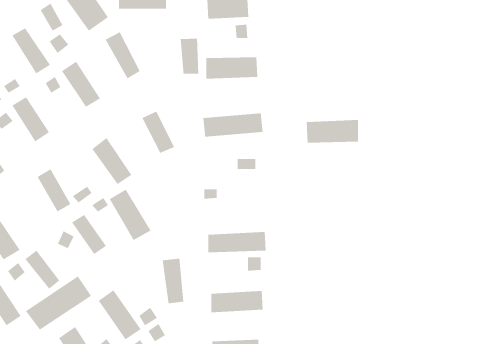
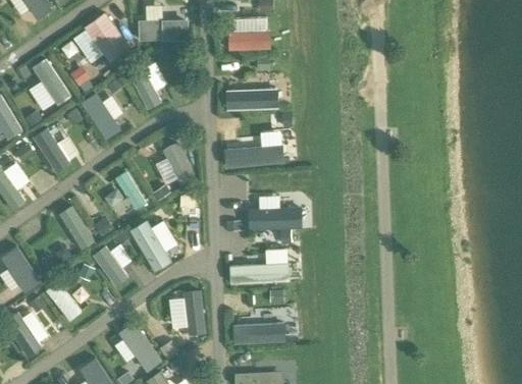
building: [180,38,199,75] -> none
building: [306,120,359,143] -> [247,207,300,230]
building: [25,276,92,331] -> none

